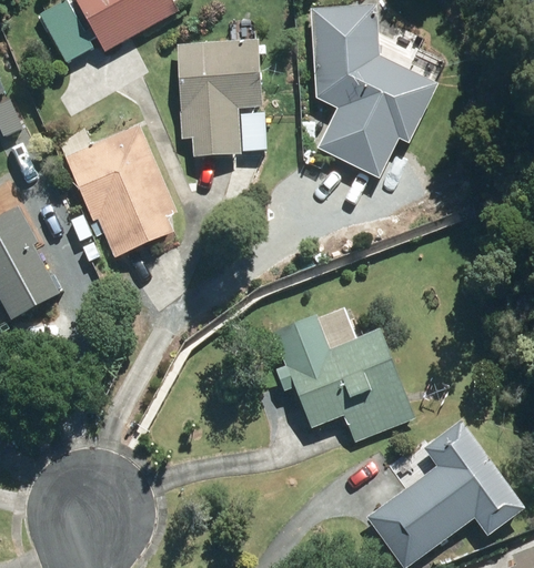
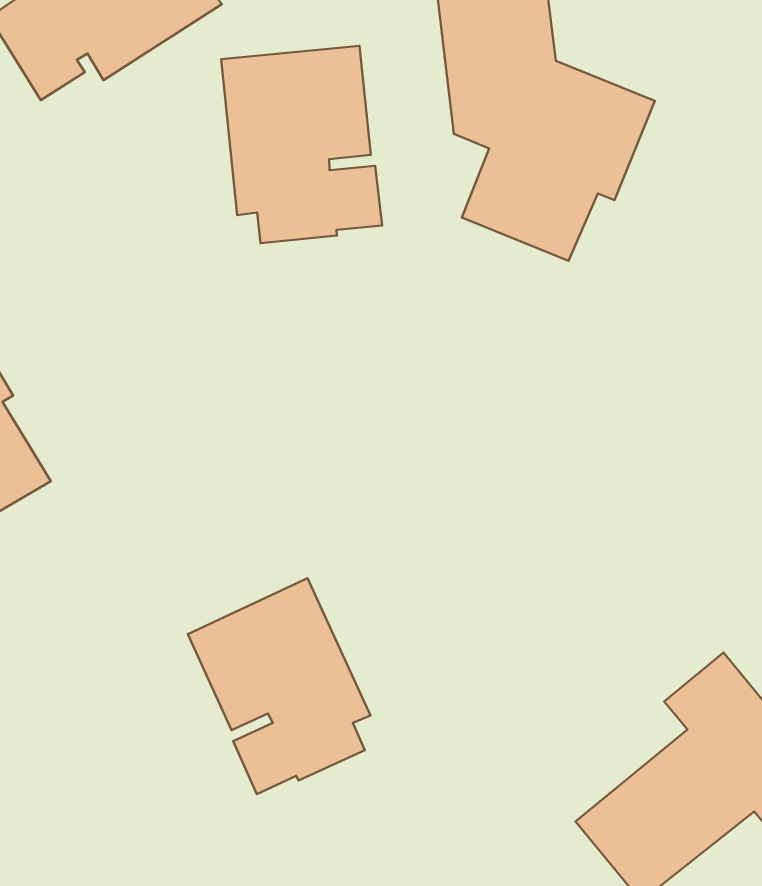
building: [58,124,175,257] -> none
building: [273,316,415,443] -> none
building: none -> [188,578,371,794]

